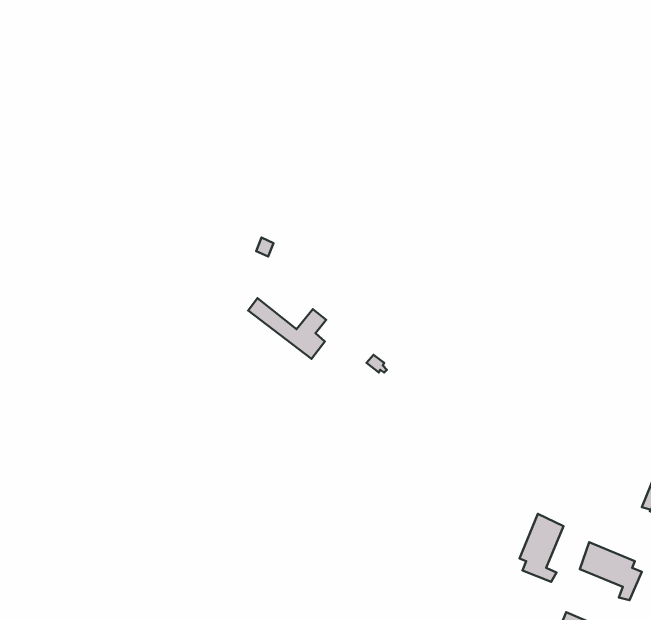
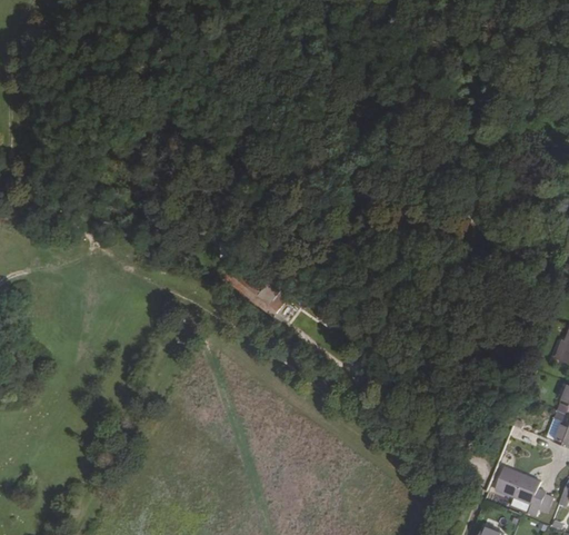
building: [519,514,564,582] -> none

